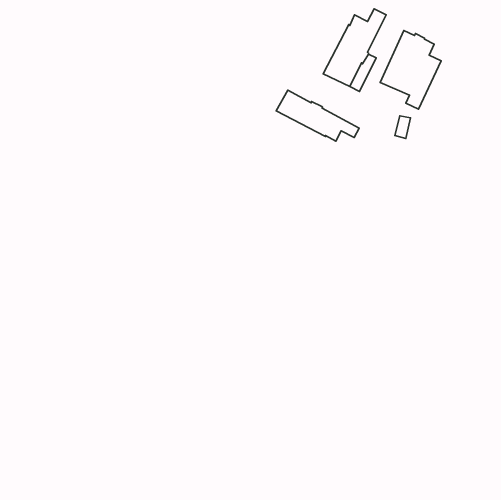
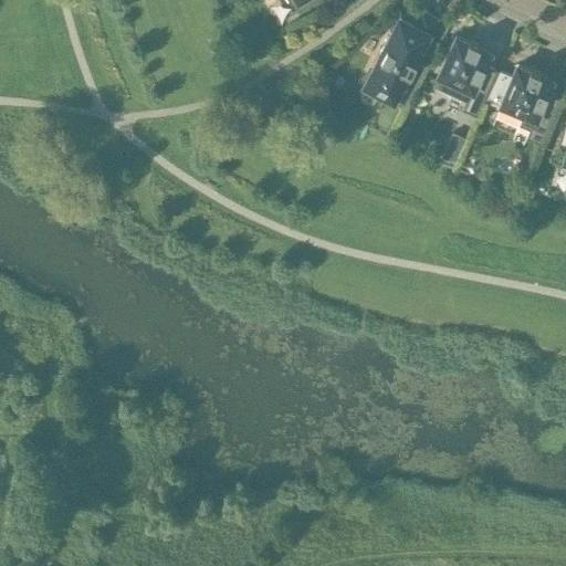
building: none -> [491,65,558,145]
building: [276,90,359,141] -> none

